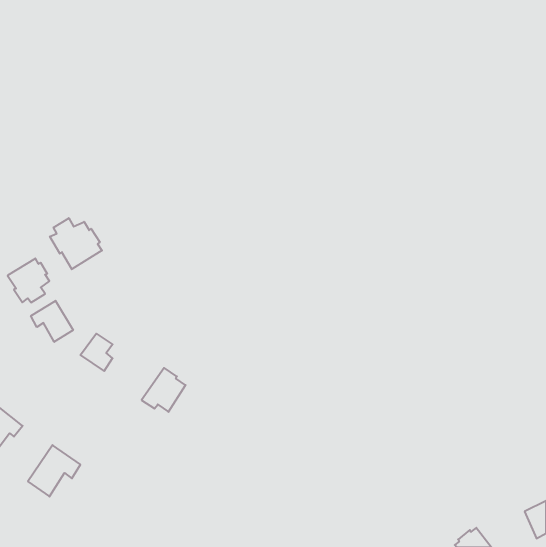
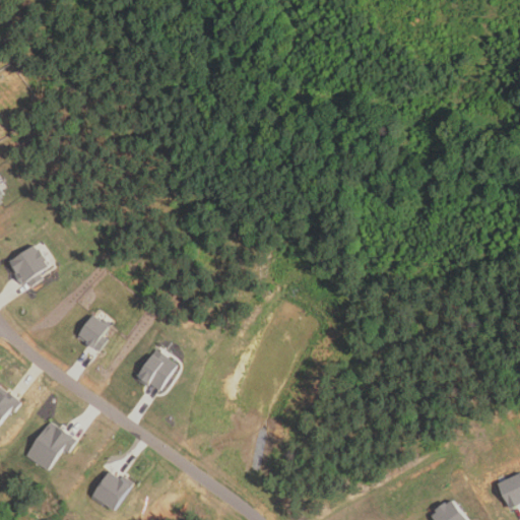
building: [50,218,102,269] -> none
building: [31,301,73,342] -> none
building: none -> [91,471,132,510]

